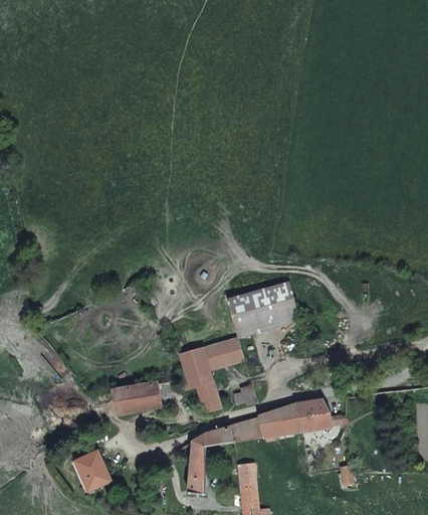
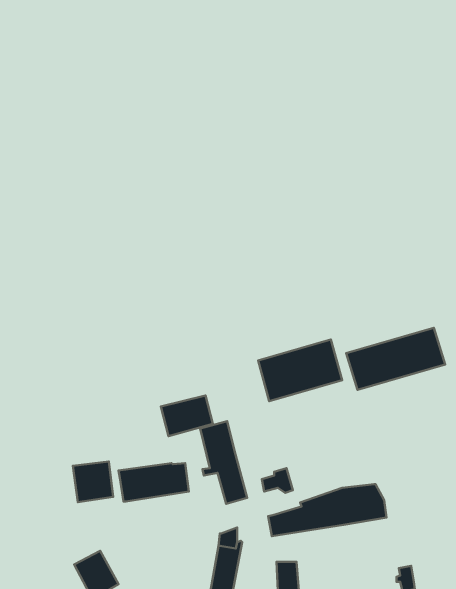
building: none -> [346,328,445,390]
building: [200,338,242,371] -> [161,395,213,436]
building: none -> [73,462,113,502]
building: [208,424,236,446] -> none

